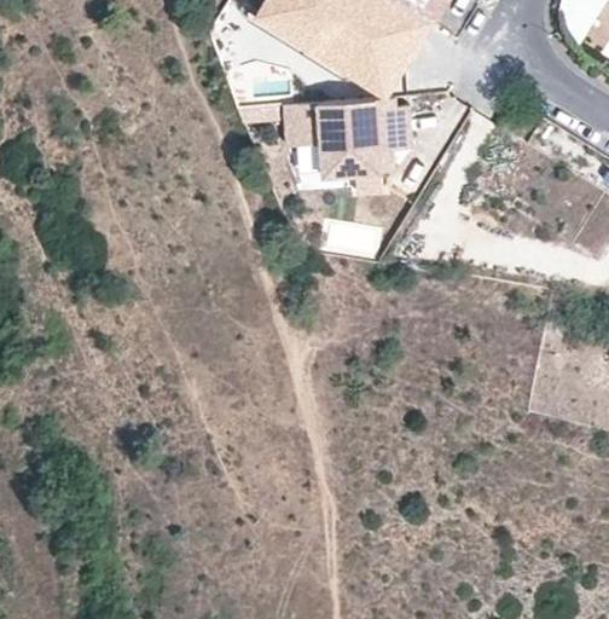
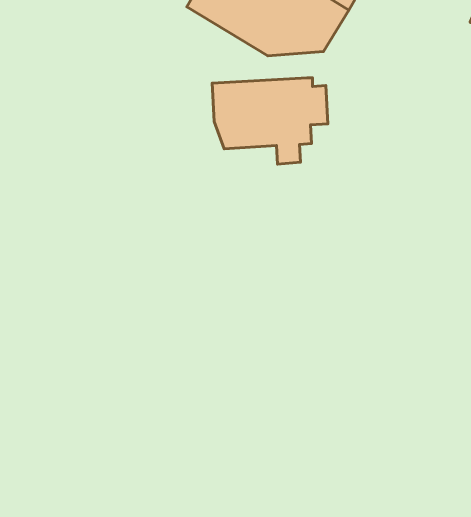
building: [249,13,404,92] -> none

